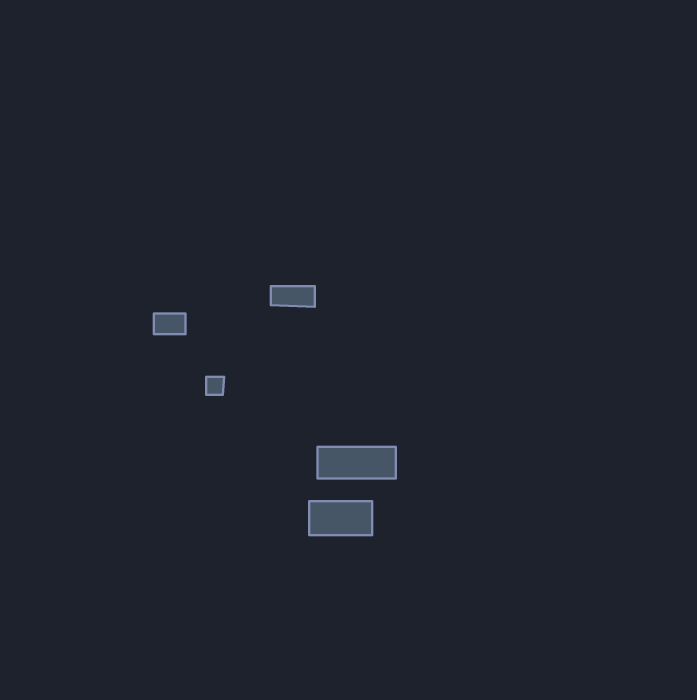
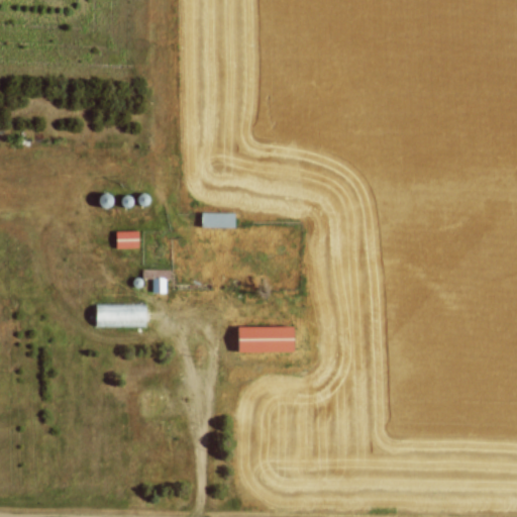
building: none -> [95,304,147,327]
building: [309,501,372,535] -> none

